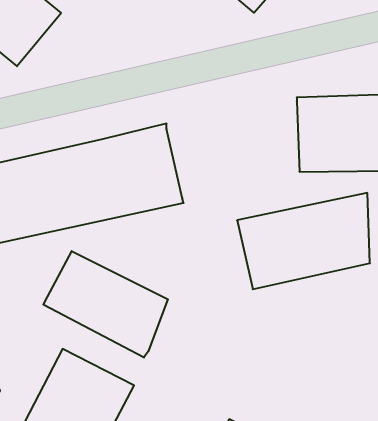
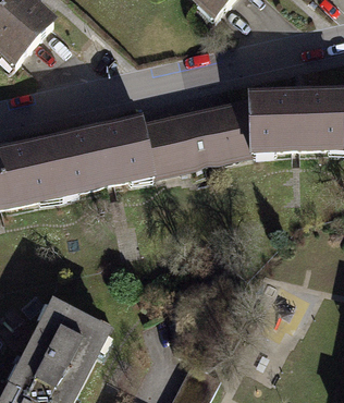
building: [237,193,370,289] -> [140,94,251,174]
building: [43,251,168,358] -> none

